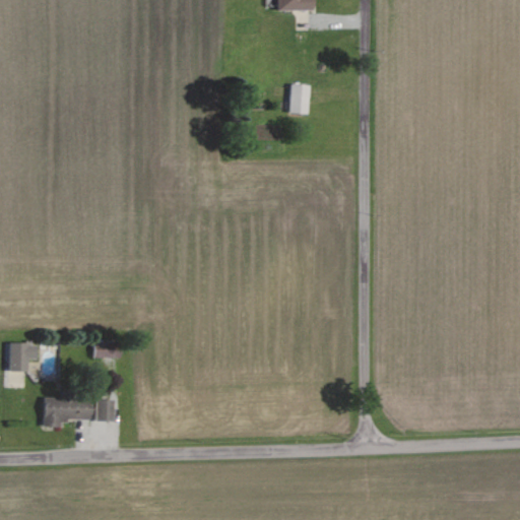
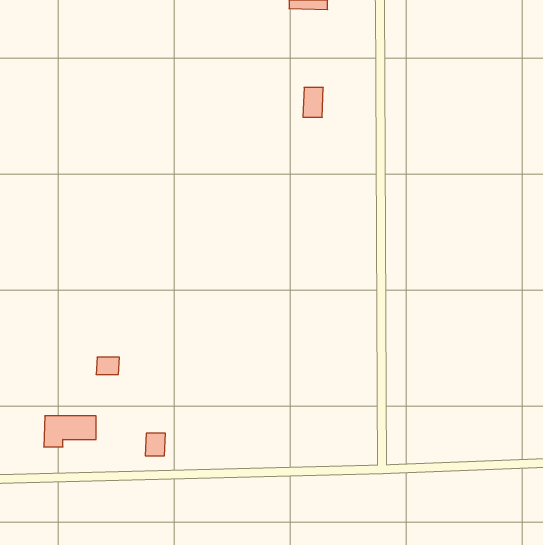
building: [10,342,38,371] -> none
building: [94,398,114,419] -> [145,433,165,456]

